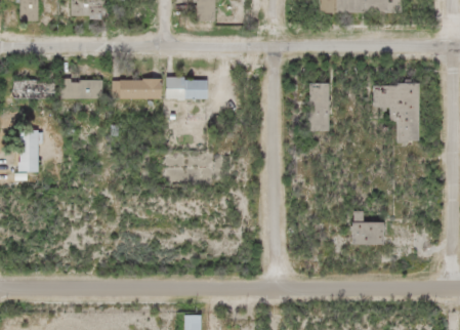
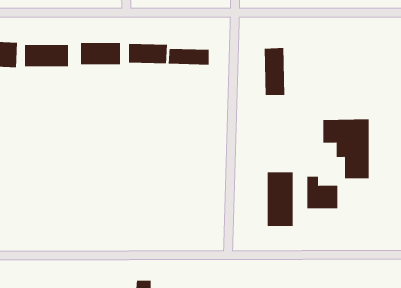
building: none -> [168,48,209,65]
building: [372,83,419,143] -> [323,119,370,179]
building: none -> [267,171,293,227]

